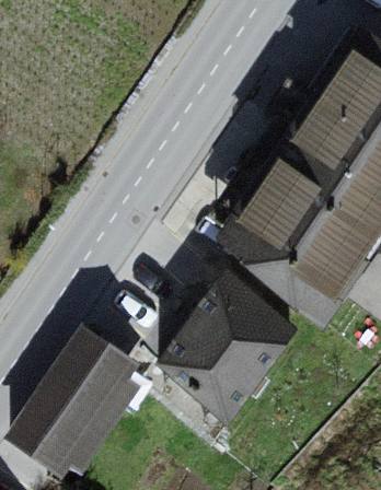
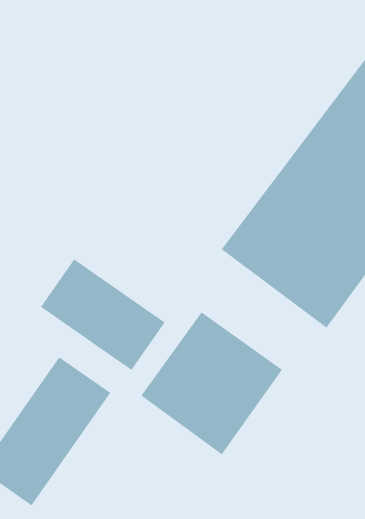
building: none -> [40,259,166,371]

